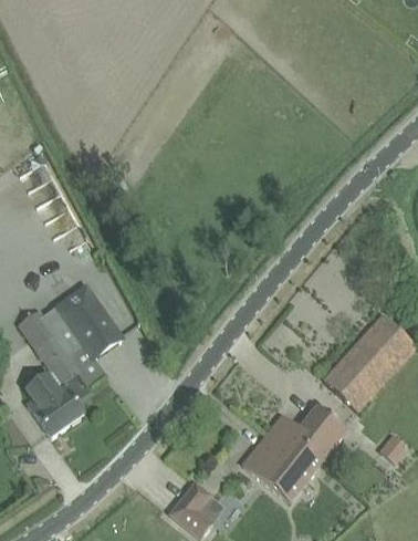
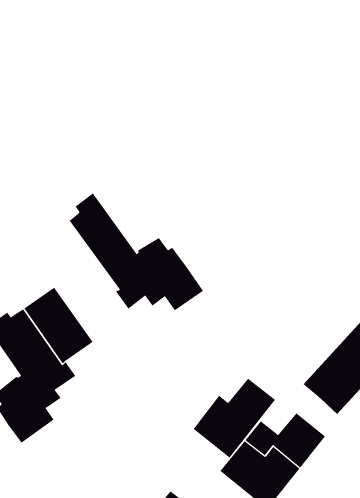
building: none -> [69,193,204,311]
building: none -> [193,378,276,458]

